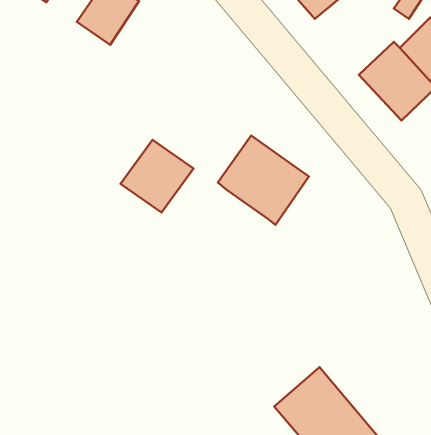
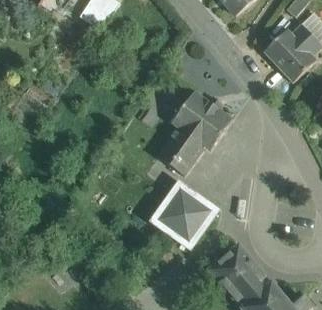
building: [121,140,193,213] -> [157,127,205,175]
building: none -> [151,182,218,249]

